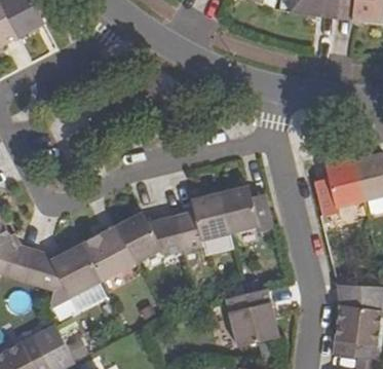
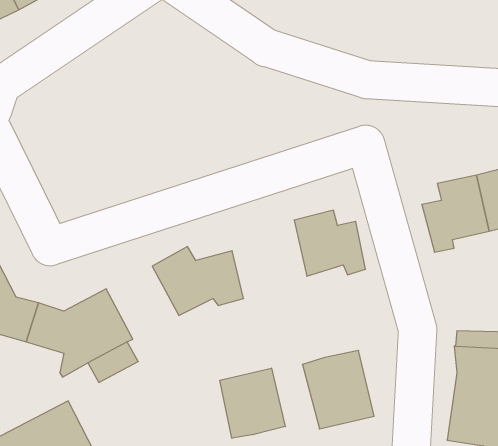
building: [175,192,229,250] -> none
building: [82,226,136,280] -> none
building: none -> [220,368,285,438]

